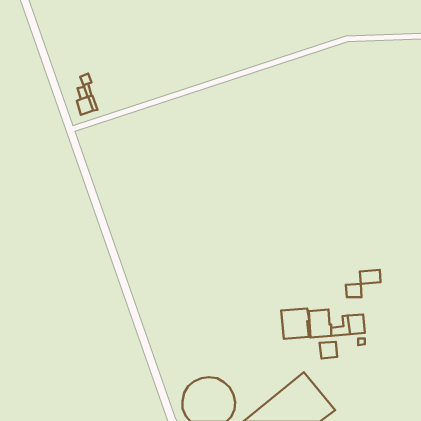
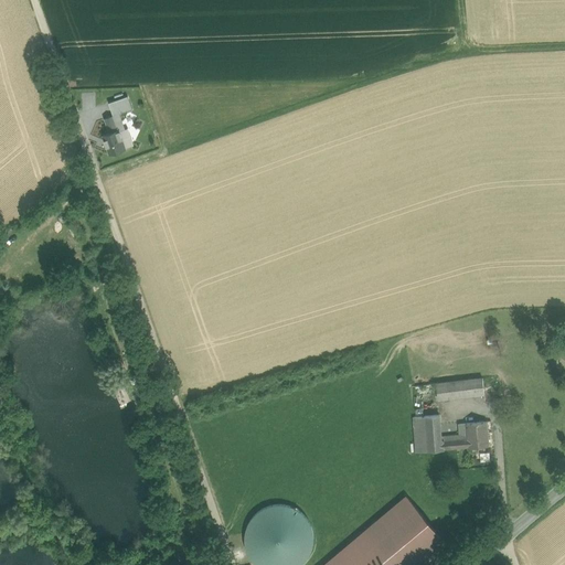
building: [360,270,381,284] -> [436,382,463,401]
building: [281,309,309,339] -> none
building: [319,342,337,358] -> none

